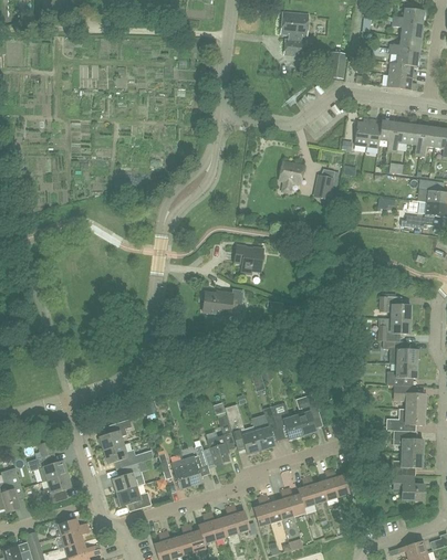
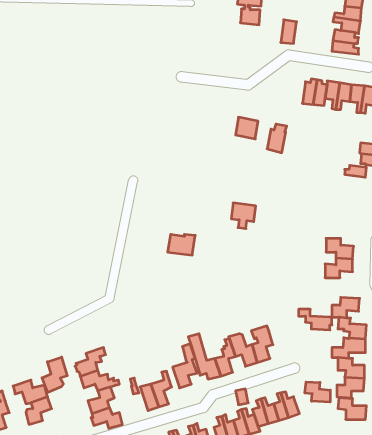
building: [233,245,261,274] -> [231,203,256,229]
building: [382,340,419,363] -> [299,309,332,330]
building: none -> [42,357,67,392]
building: none -> [305,382,330,402]

